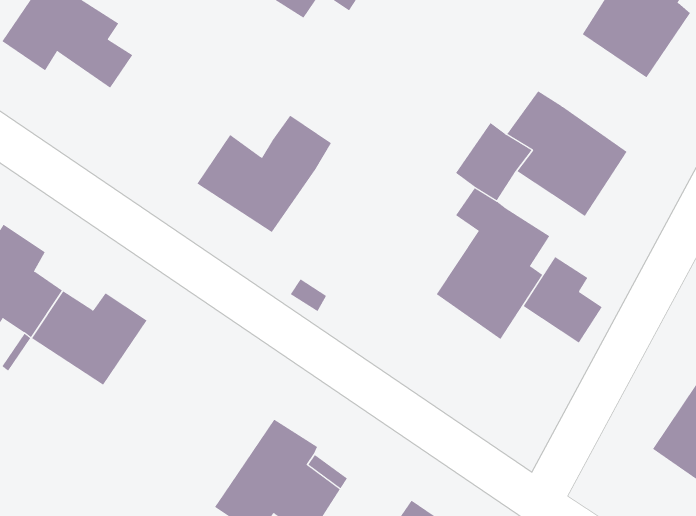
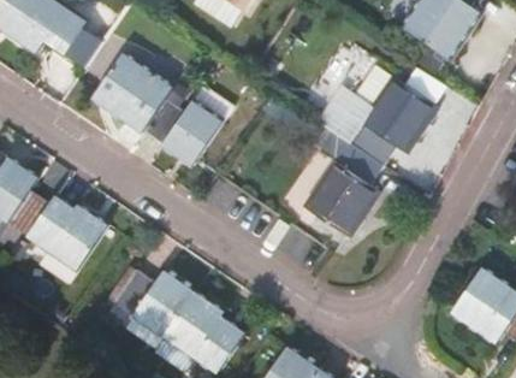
building: none -> [93,53,172,130]
building: [523,256,603,343] -> none
building: none -> [114,268,194,348]

